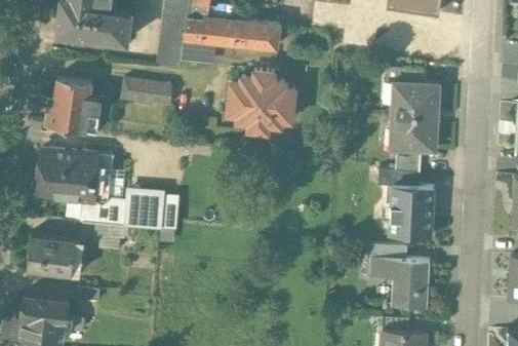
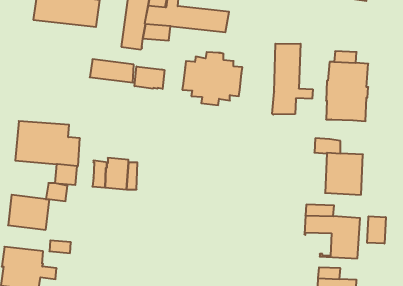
building: none -> [272,44,313,115]
building: [44,80,102,134] -> none
building: none -> [135,66,164,89]
building: [395,149,422,175] -> none
building: none -> [367,216,386,244]

